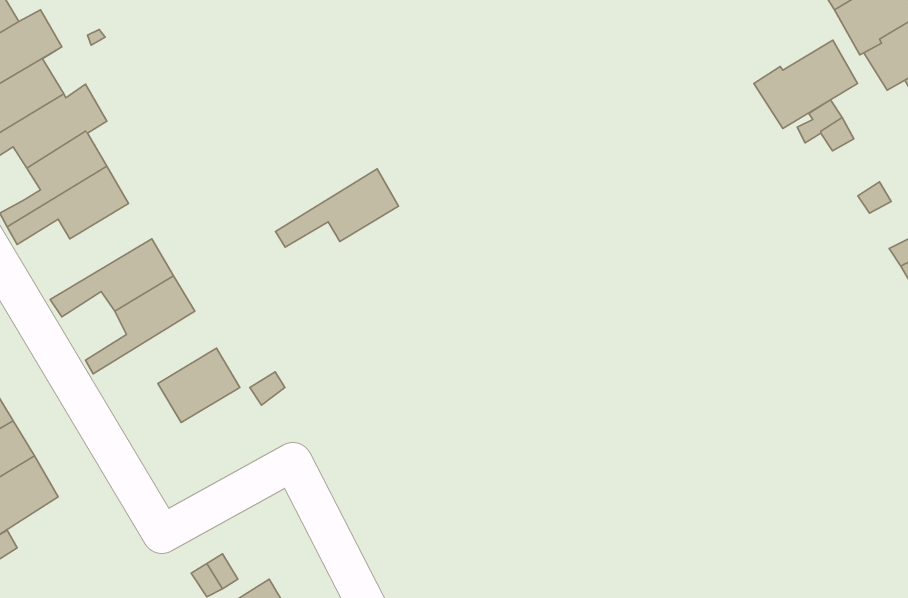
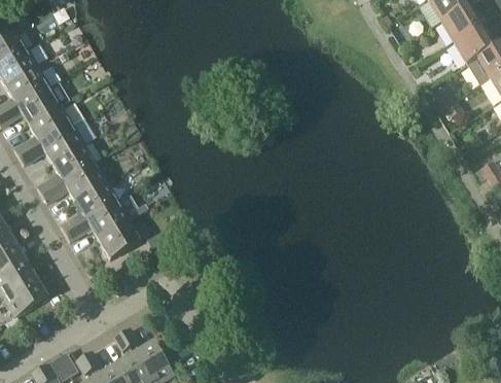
building: [754,40,858,128] -> none
building: [275,169,399,247] -> [63,200,128,241]
building: none -> [36,143,94,194]

